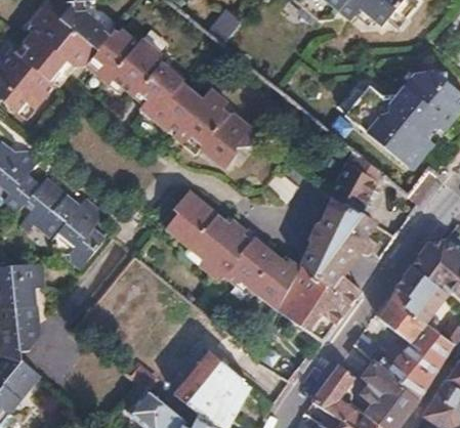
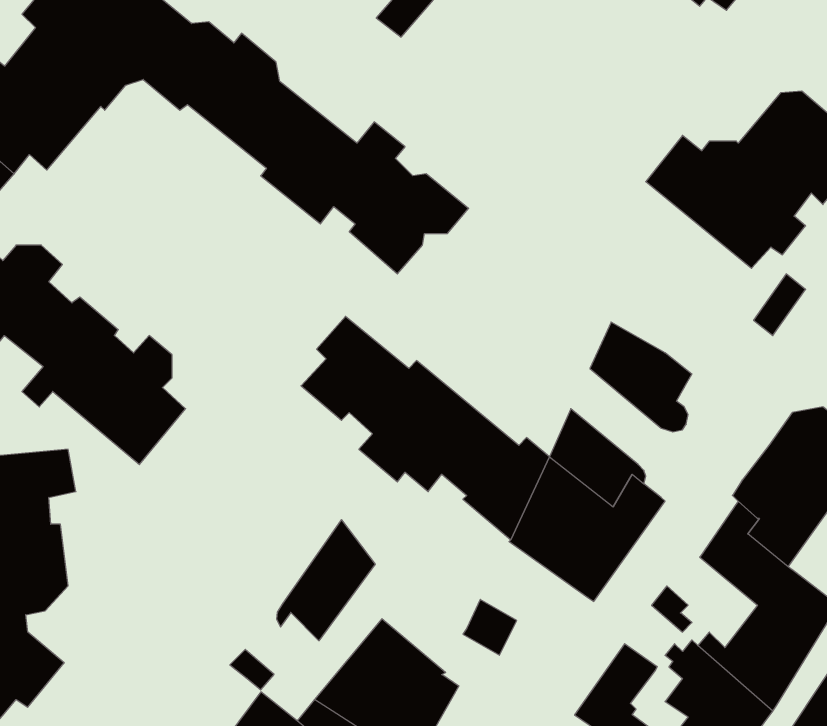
building: [329,148,381,210] -> none
building: [310,218,359,269] -> none
building: none -> [277,520,375,641]

